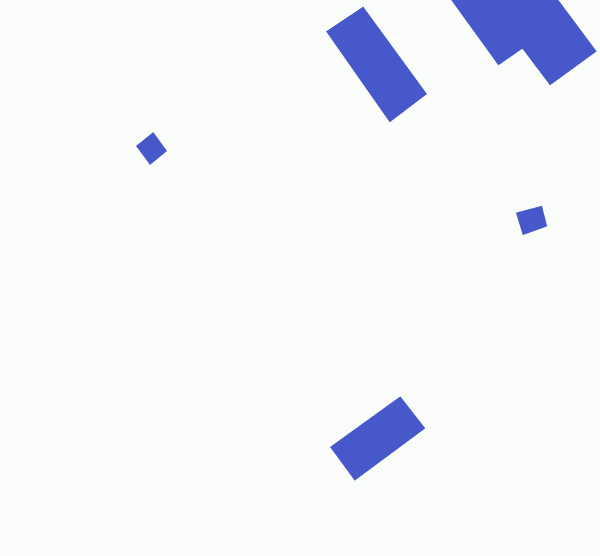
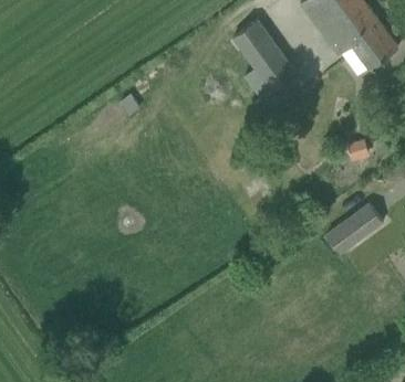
building: [329,395,426,482] -> [325,203,384,255]

